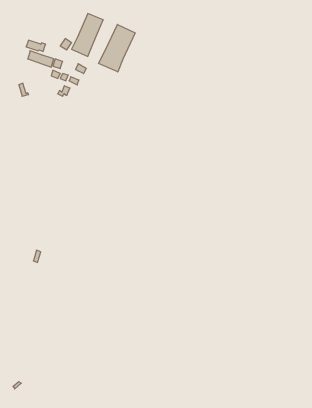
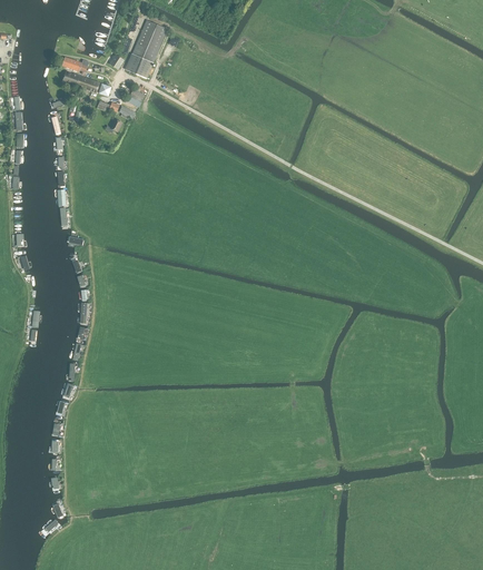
building: [99,24,135,72] -> none

